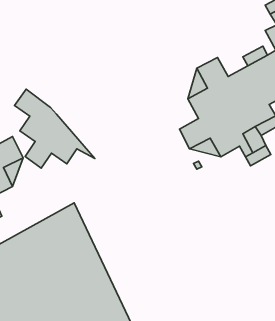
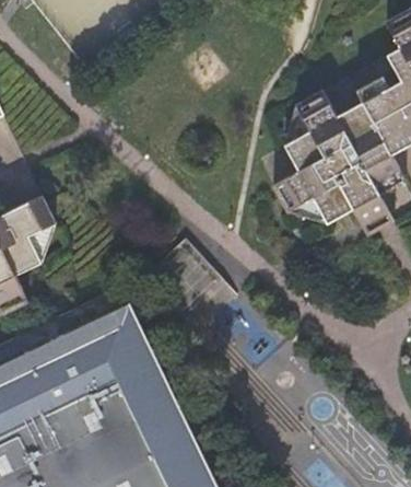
building: [15,89,95,168] -> none

